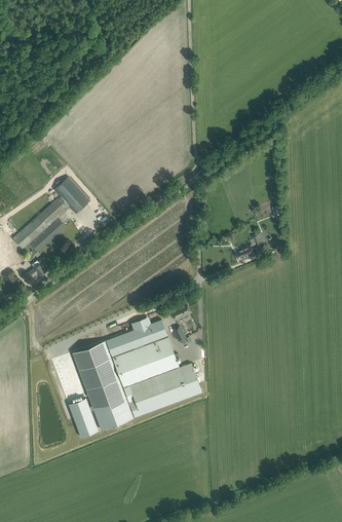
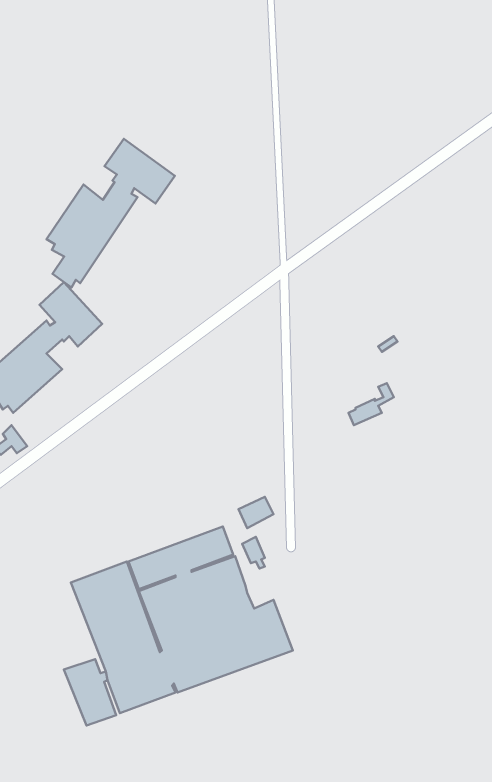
building: none -> [46,139,175,287]

